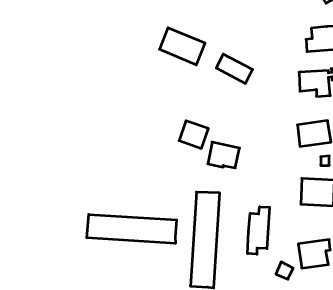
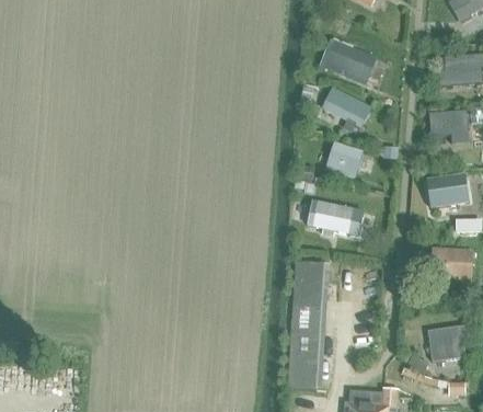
building: [159,28,205,65] -> [317,37,375,84]
building: [179,121,208,148] -> [324,144,361,179]
building: [248,207,270,254] -> none
building: [87,214,177,243] -> none

